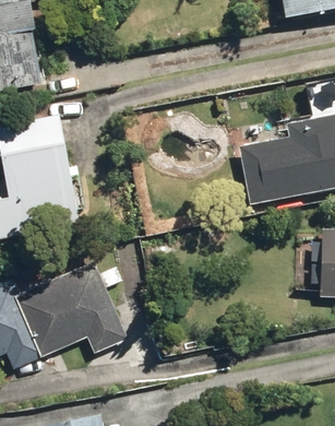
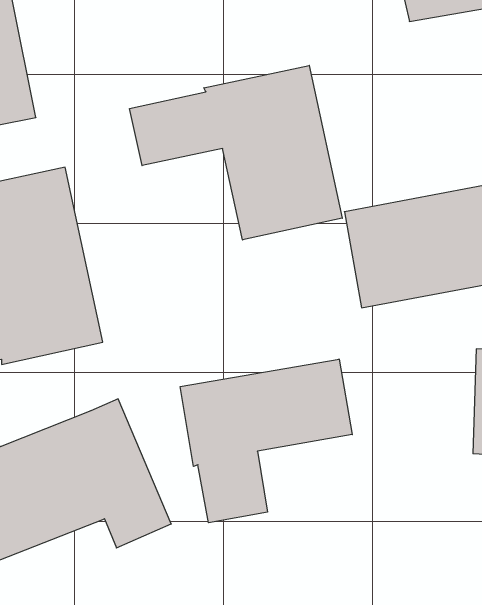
building: none -> [130,65,342,240]
building: none -> [180,359,352,523]

